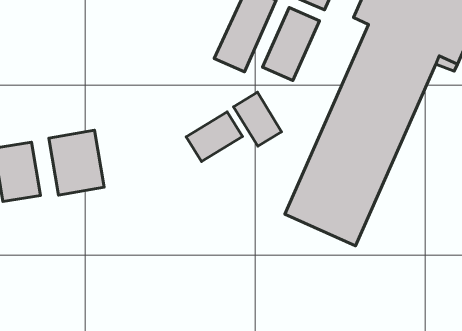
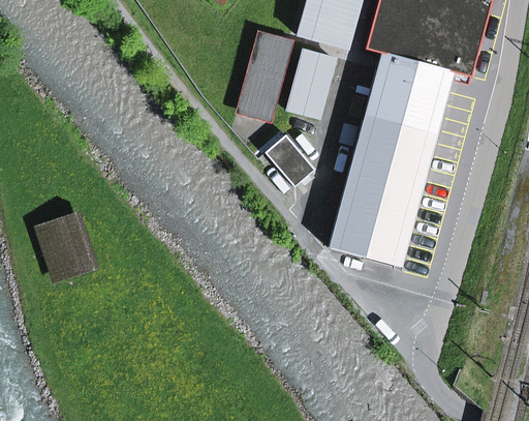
building: [186,112,243,162] -> none
building: [49,130,104,195] -> none

